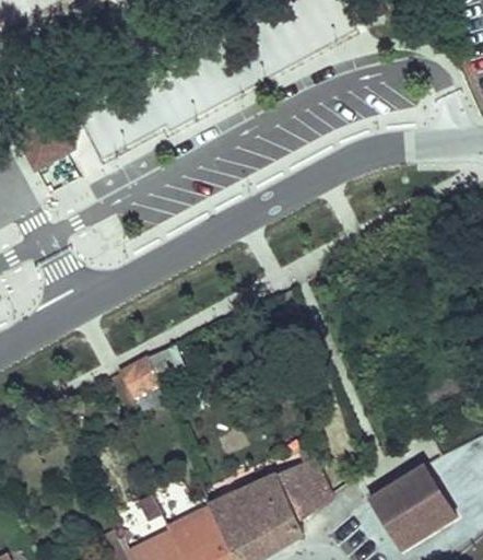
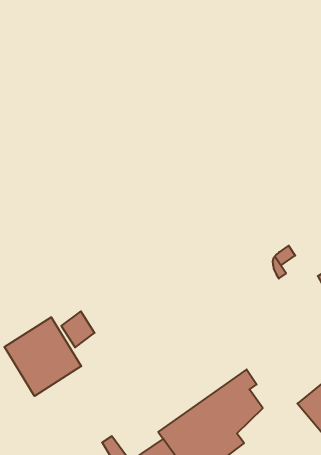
building: none -> [4,317,81,396]

